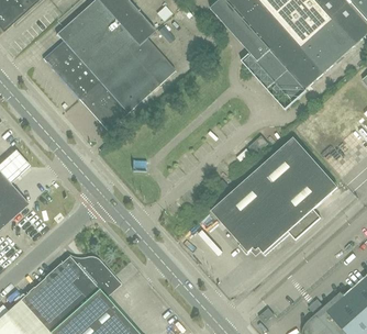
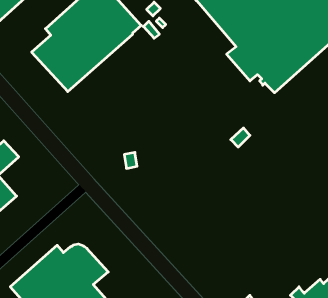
building: [80,37,176,129] -> none
building: [212,135,340,253] -> none

